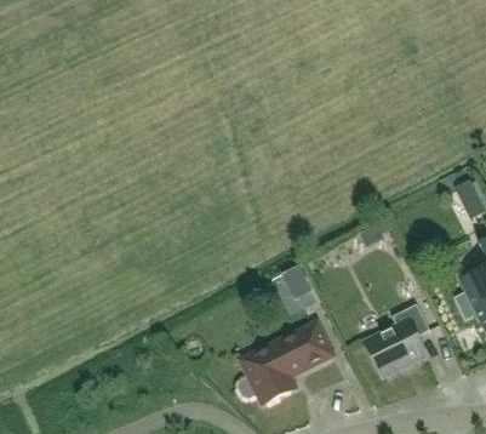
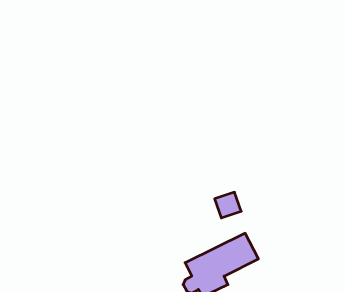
building: [364,303,429,377] -> none

